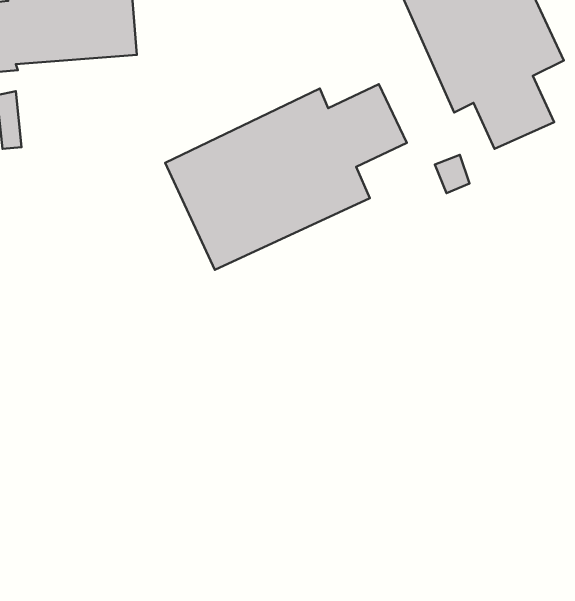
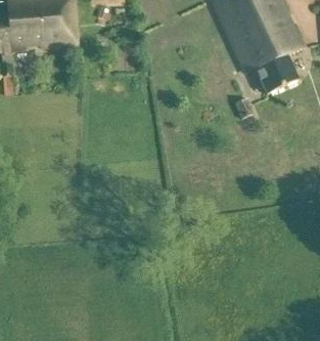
building: [165,84,407,270] -> none

